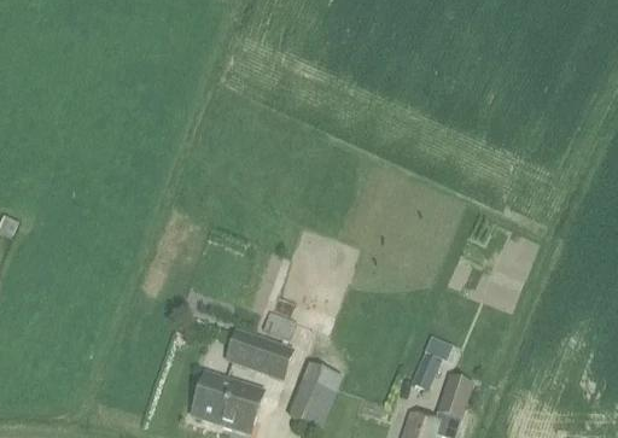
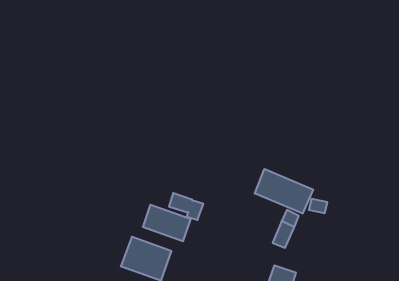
building: none -> [255,169,313,214]
building: [286,361,340,427] -> none
building: [438,374,474,420] -> none

